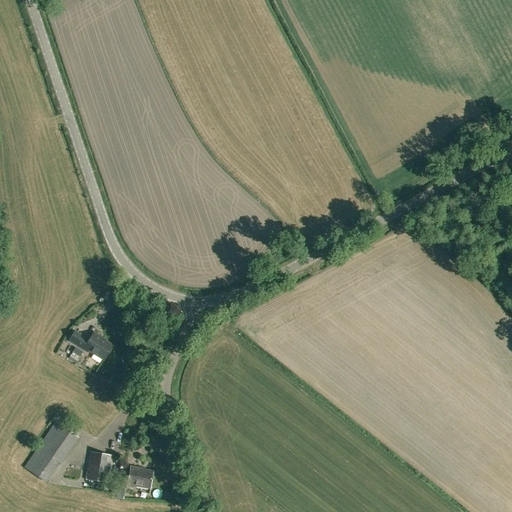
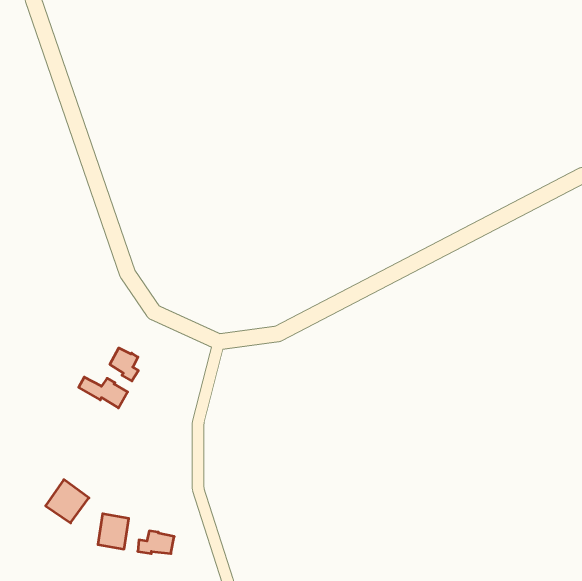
building: none -> [110,348,138,381]
building: [24,444,62,481] -> none

